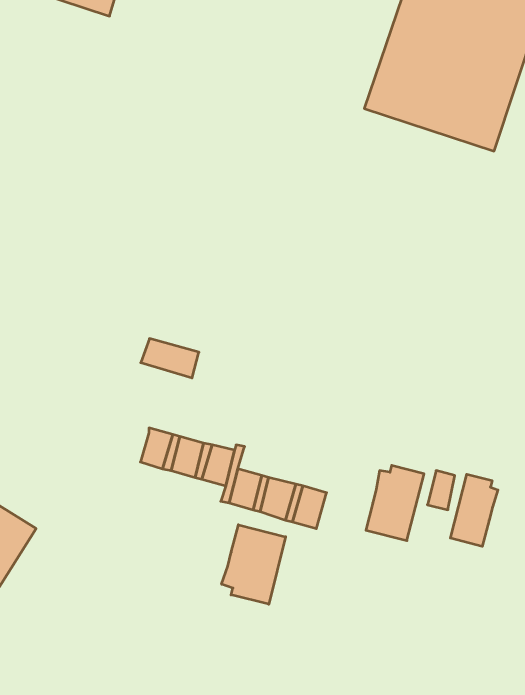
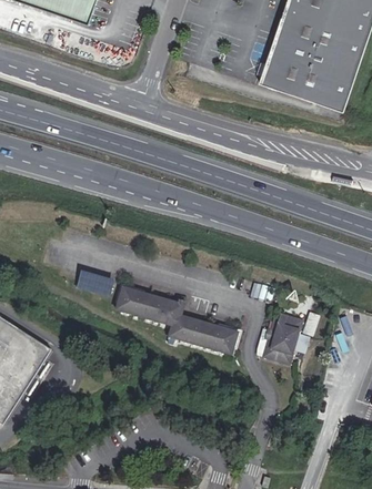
building: [141,339,199,378] -> [74,272,112,297]
building: [450,474,498,546] -> none
building: [222,525,286,604] -> none

